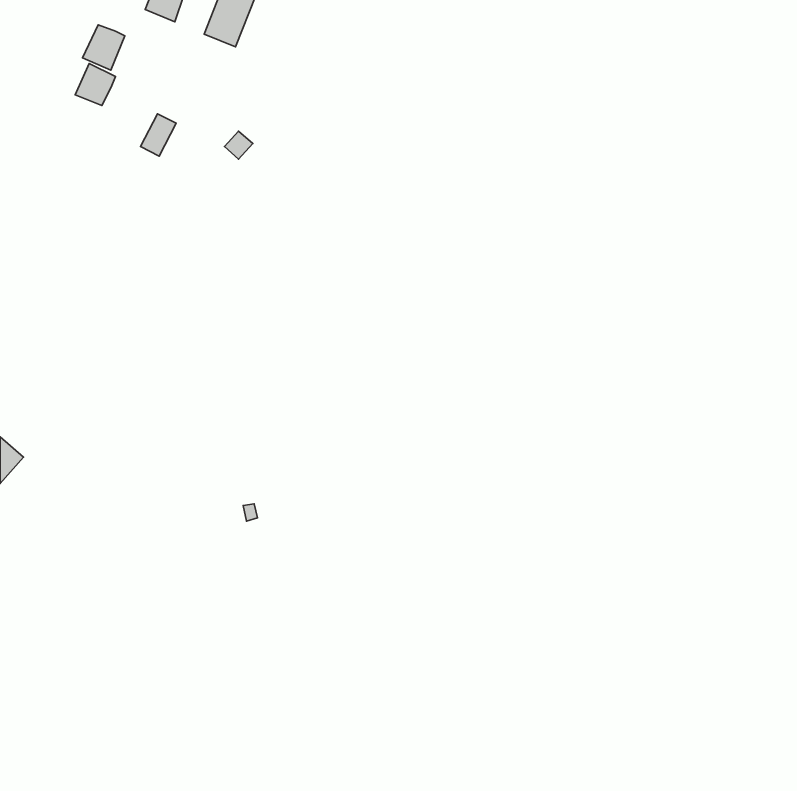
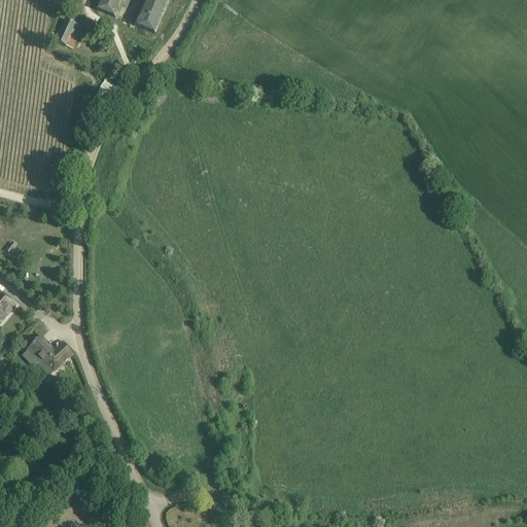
building: [75,63,116,105] -> none
building: none -> [28,335,72,373]

